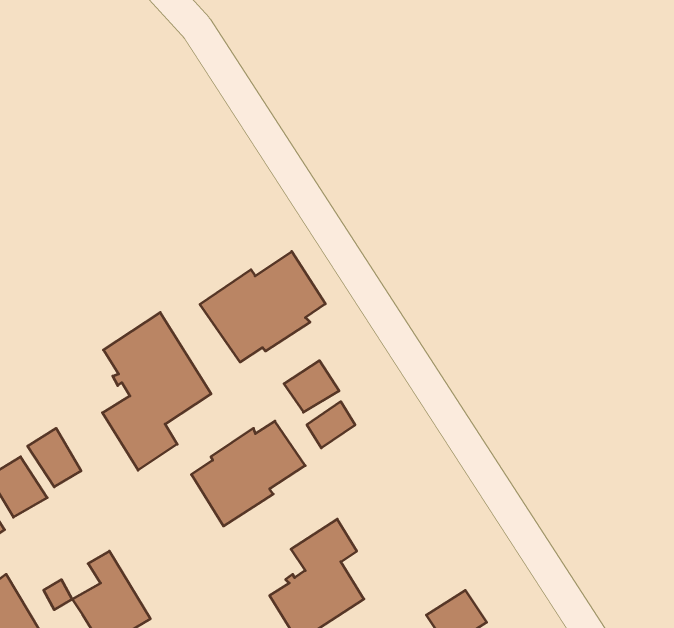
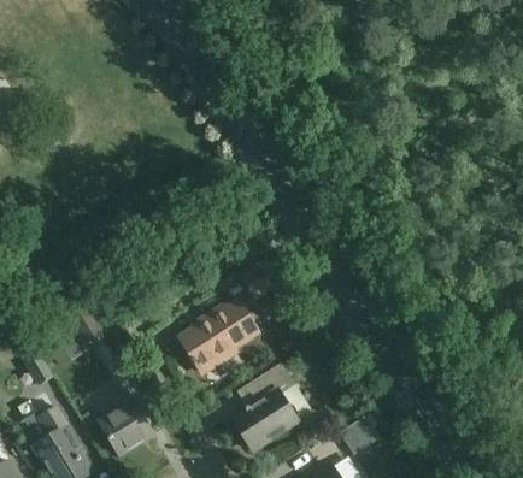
building: [200,251,325,362] -> none
building: [102,312,211,470] -> none

